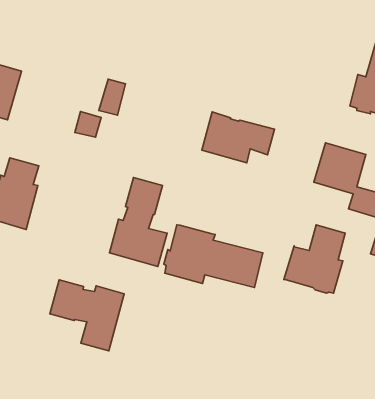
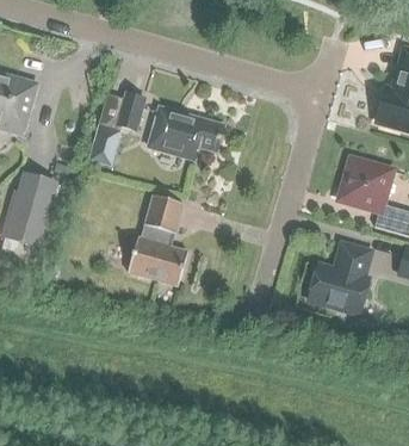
building: [202,112,274,163] -> [148,106,223,159]
building: [164,225,263,288] -> none
building: [50,280,124,351] -> none

